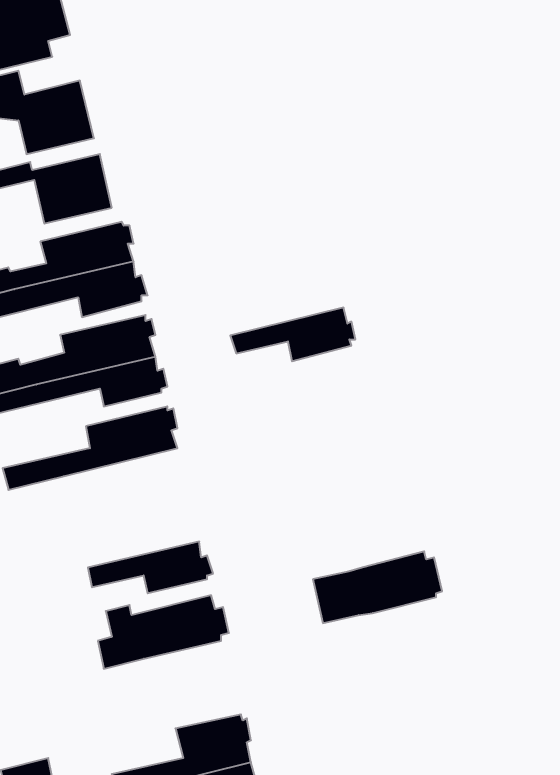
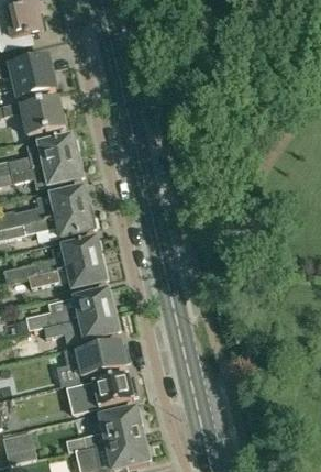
building: [230,308,355,361] -> [38,260,108,289]
building: none -> [24,289,113,331]
building: [313,551,442,623] -> [66,373,137,413]

